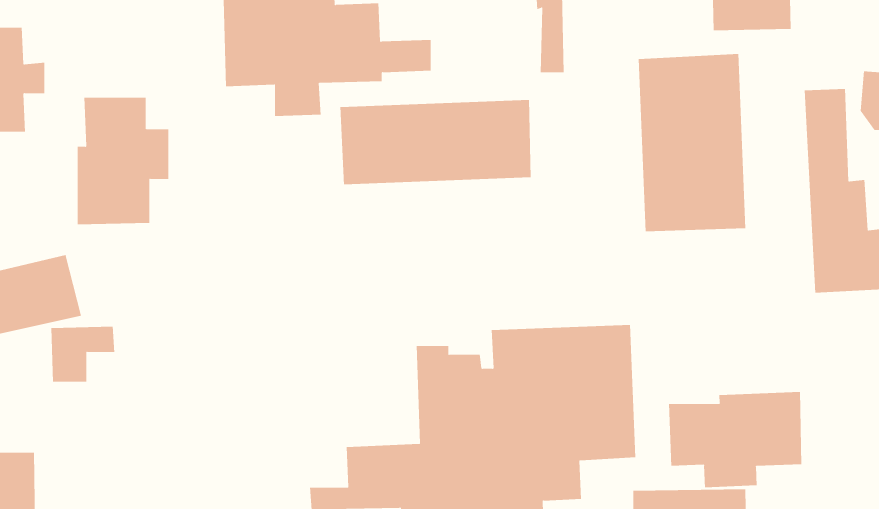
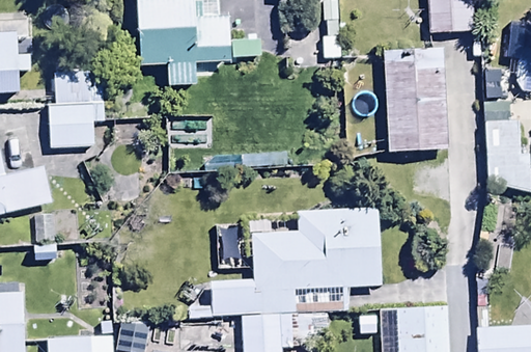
building: [340,99,531,185] -> none
building: [668,391,802,488] -> none

